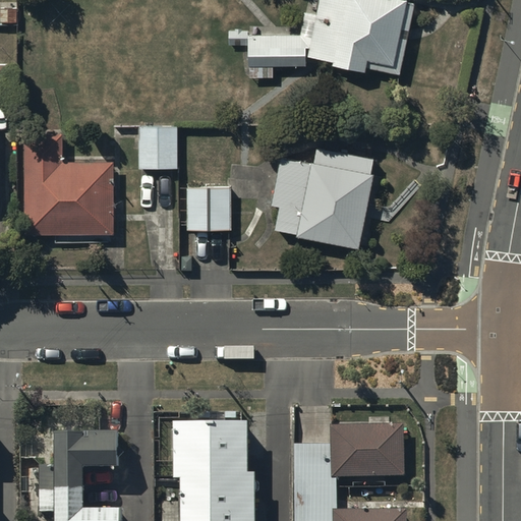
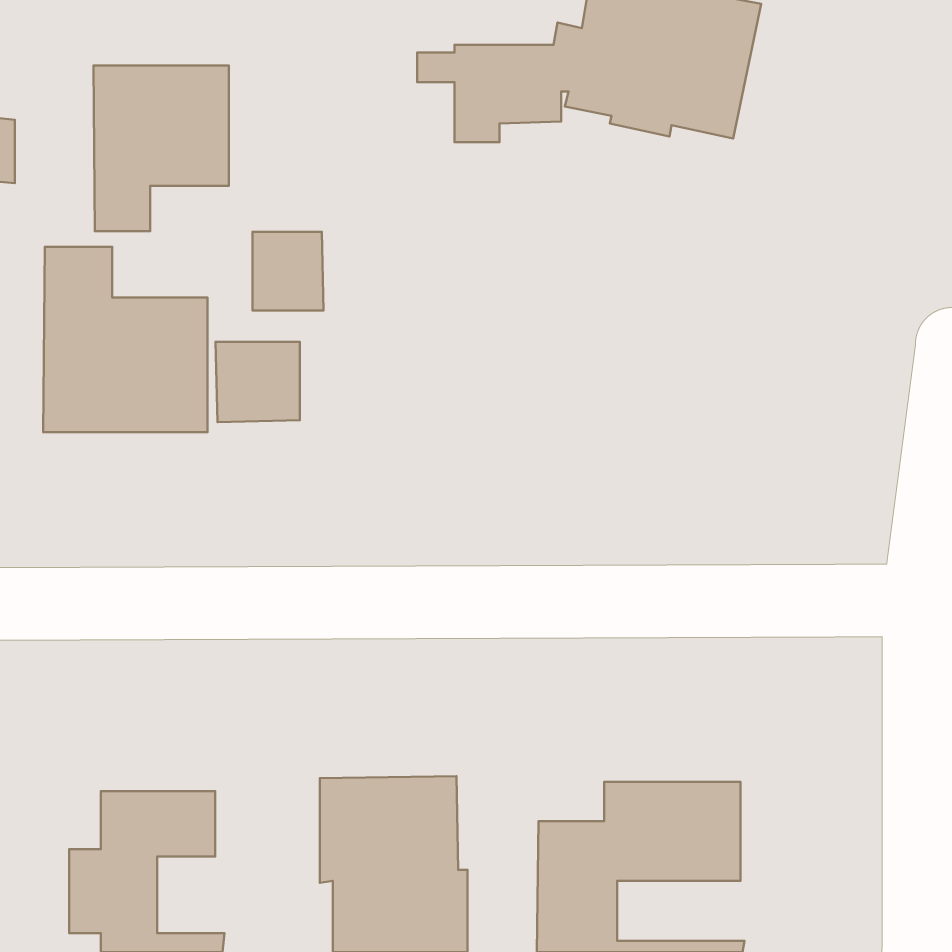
building: none -> [93,65,229,231]
building: [271,147,374,248] -> none
building: [184,188,230,232] -> [216,342,300,422]

